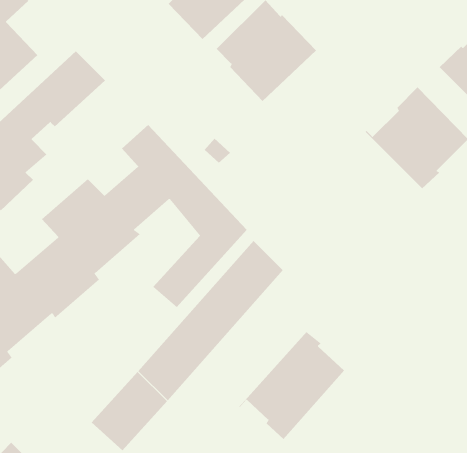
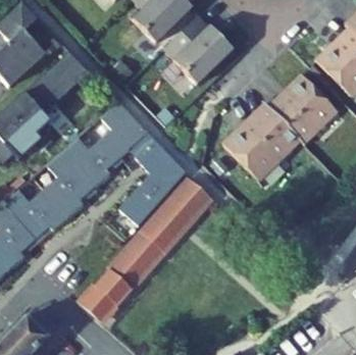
building: none -> [222,105,304,179]
building: [238,331,345,440] -> none

